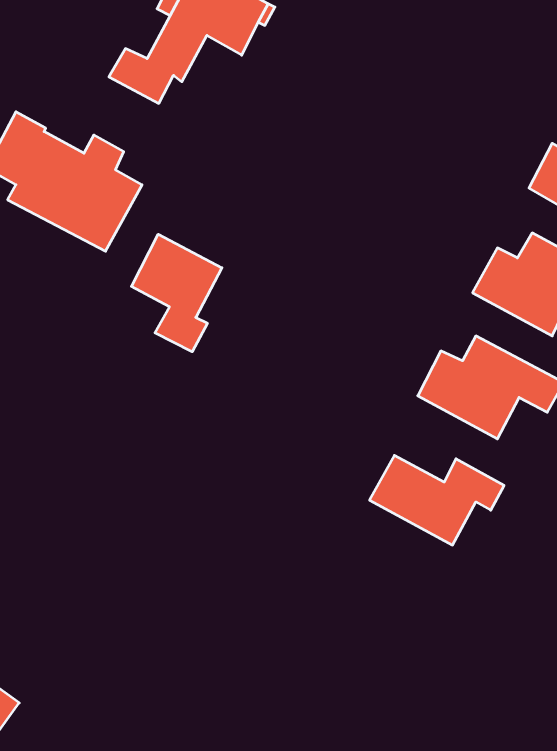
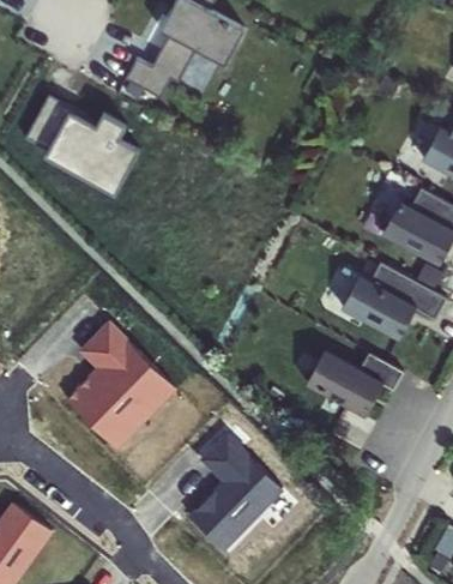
building: [131,234,222,352] -> none
building: none -> [68,323,176,441]
building: none -> [191,434,283,548]

